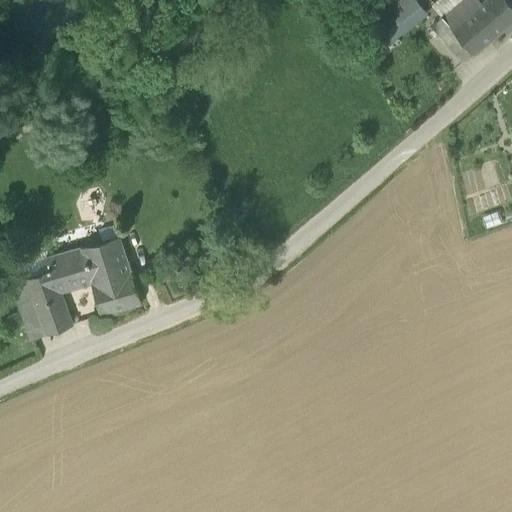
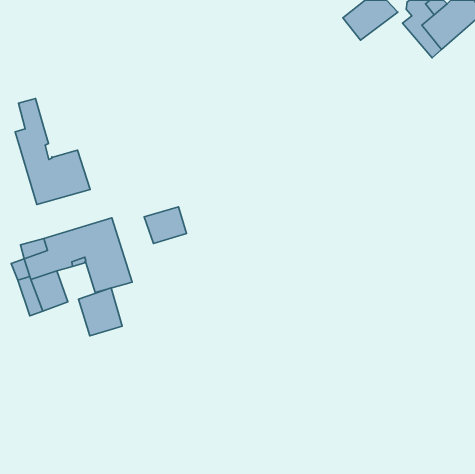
building: none -> [15,99,90,204]
building: none -> [144,207,187,244]
building: none -> [78,288,122,336]

